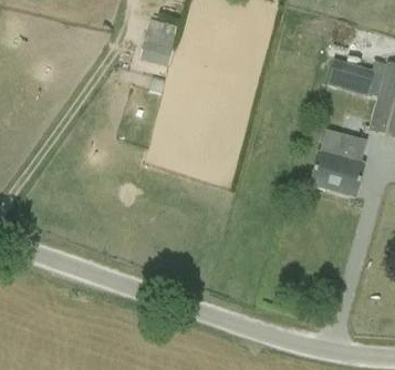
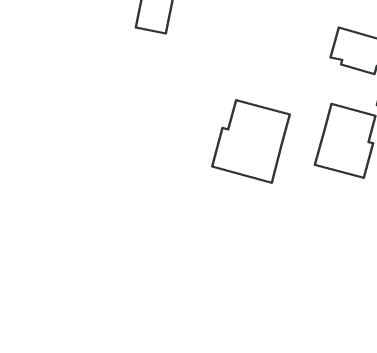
building: none -> [212,100,290,183]

